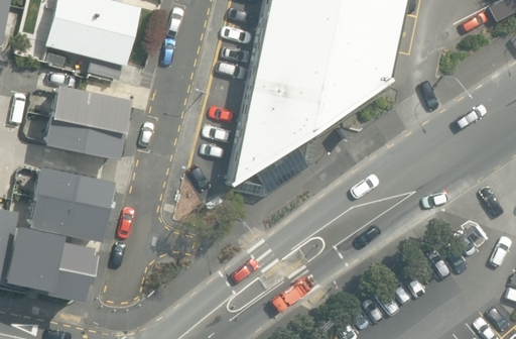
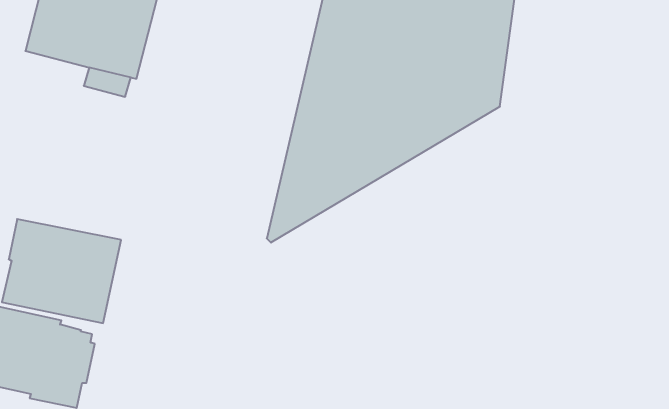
building: [46,86,133,161] -> none

